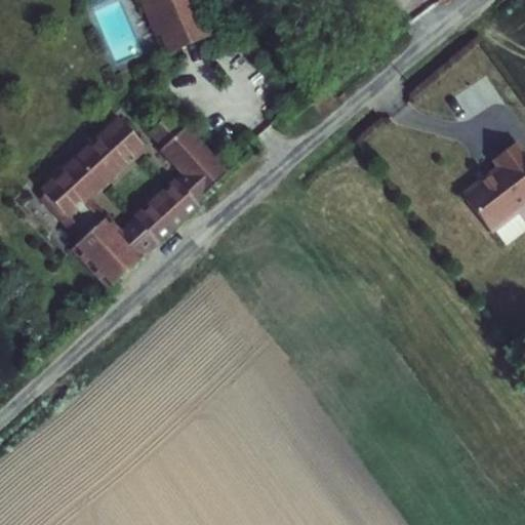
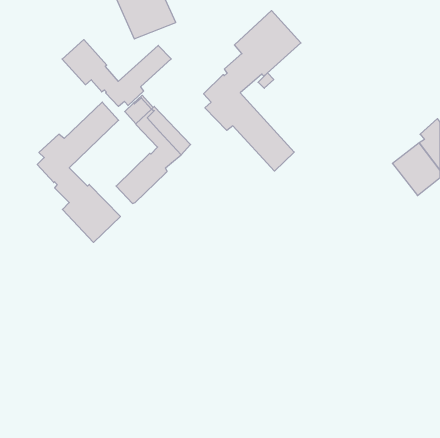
building: none -> [204,11,301,171]
building: none -> [62,40,171,106]

